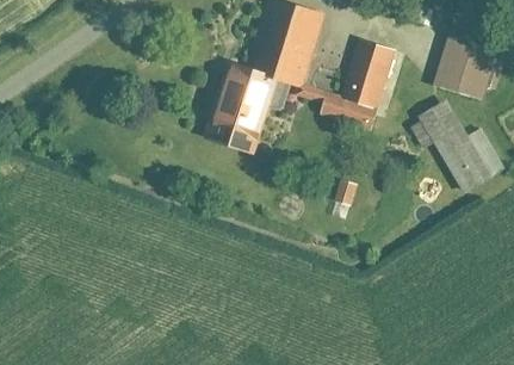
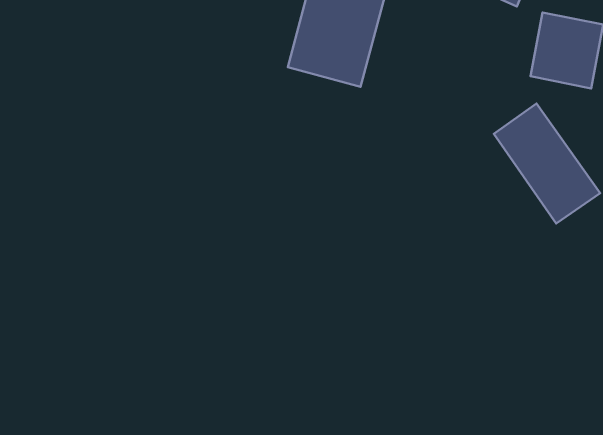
building: [339,44,396,117] -> none
building: [205,73,270,144] -> none

